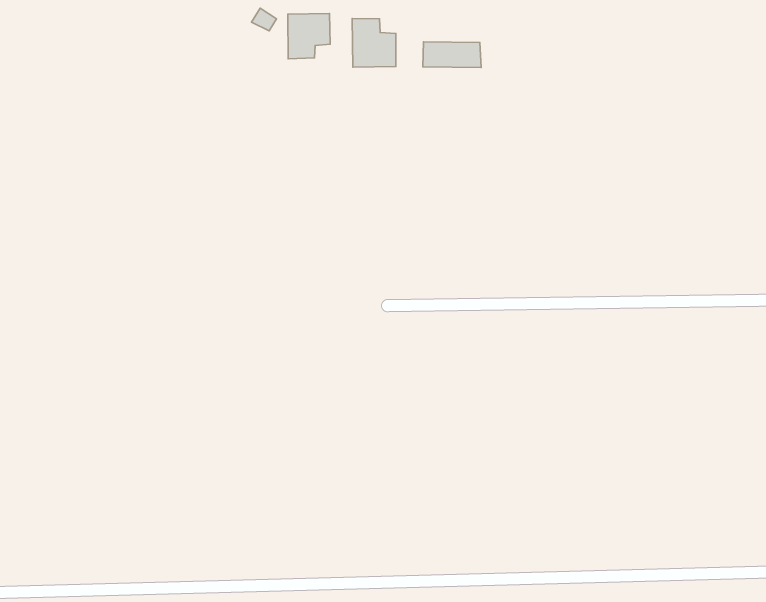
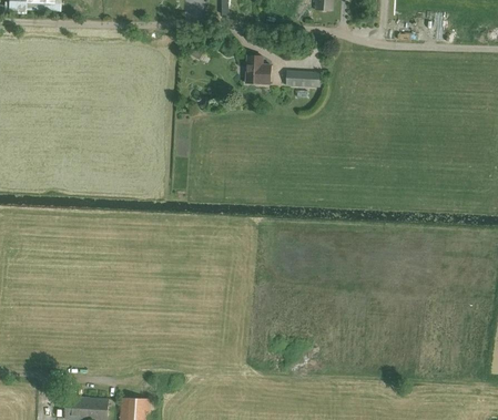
building: [288,14,330,59] -> none

